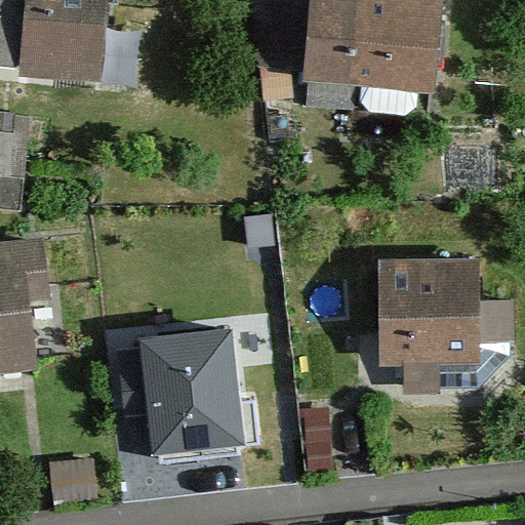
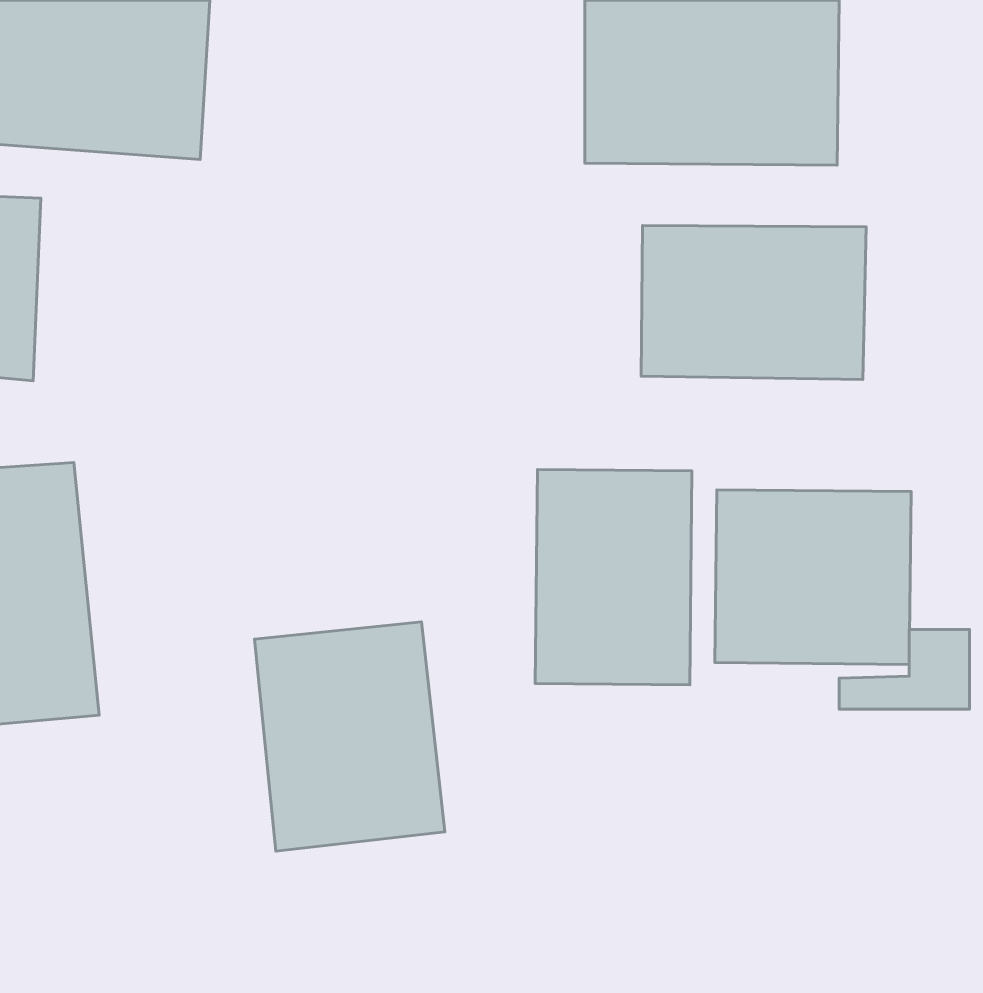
building: none -> [641,225,866,380]
building: none -> [535,470,692,685]

